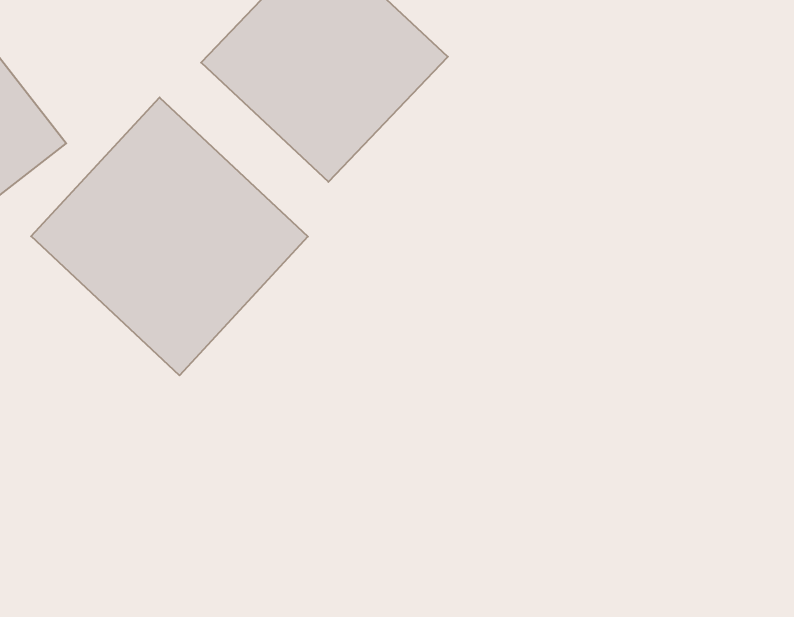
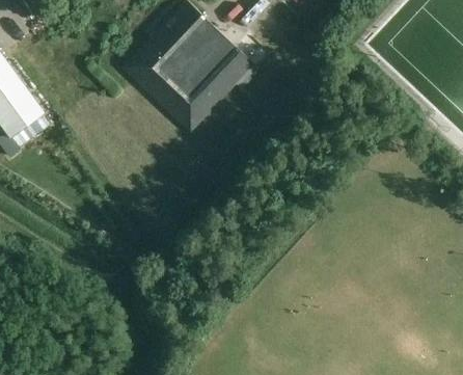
building: [31,97,308,375] -> none

